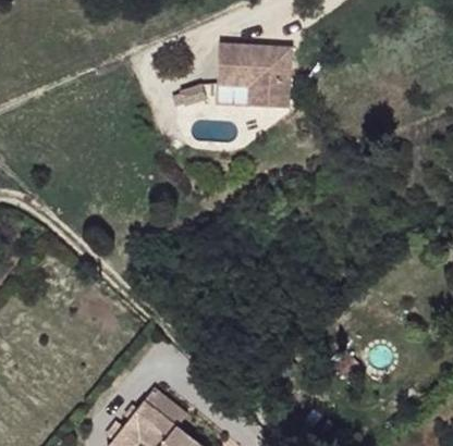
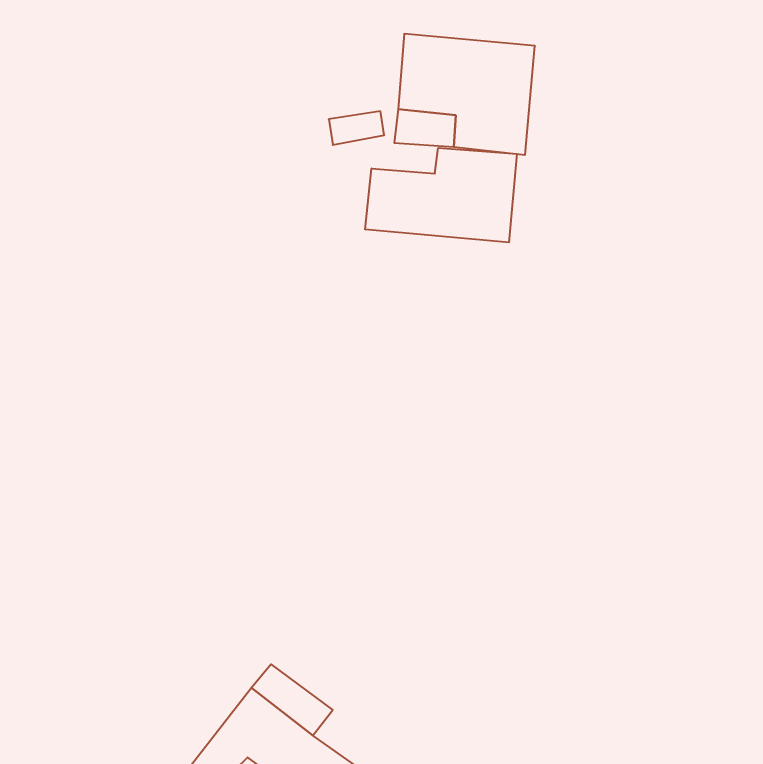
building: none -> [365,148,517,242]

